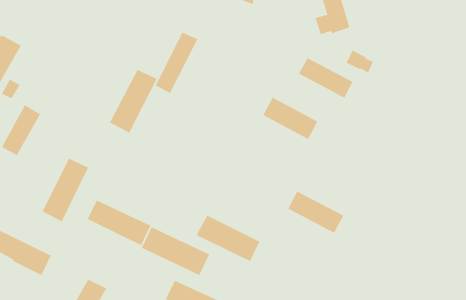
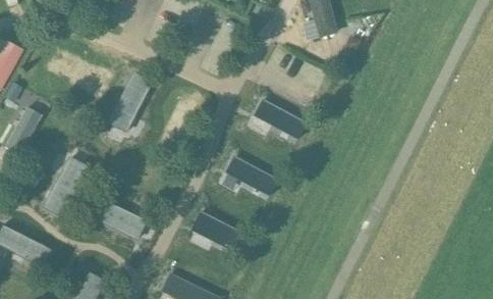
building: [155,32,198,94] -> none
building: [298,58,353,99] -> none
building: [287,191,344,234] -> [224,156,278,197]
building: [141,226,210,276] -> none

